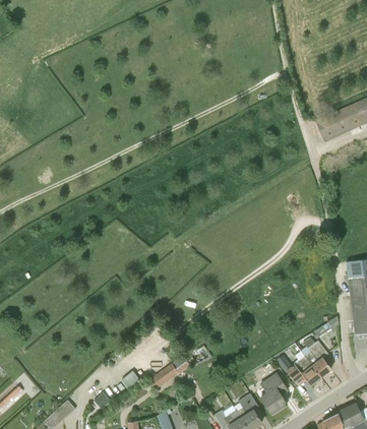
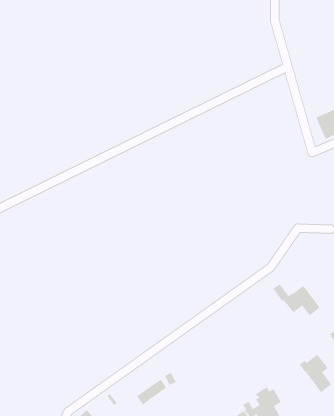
building: [276,355,320,385] -> [272,283,320,316]

